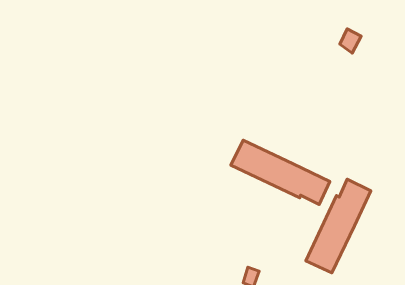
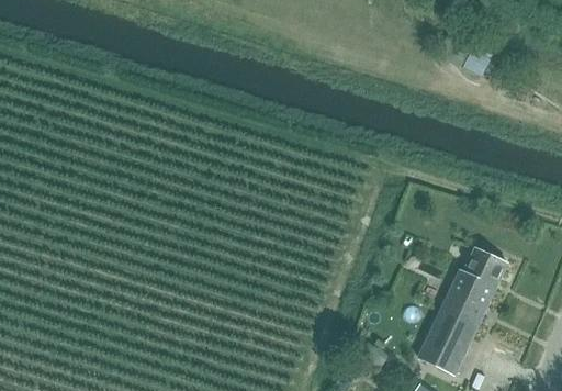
building: [231,140,330,204] -> none

